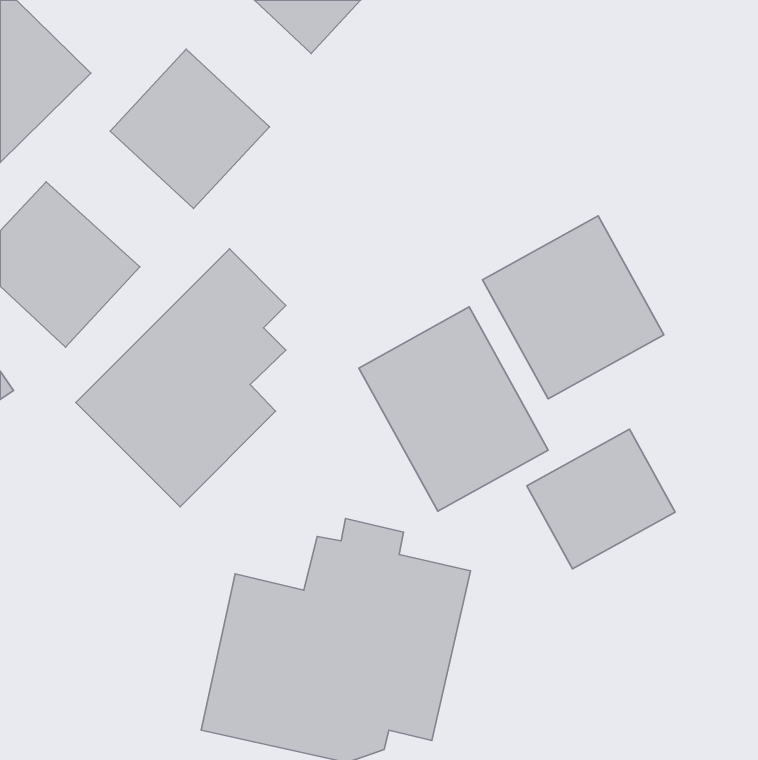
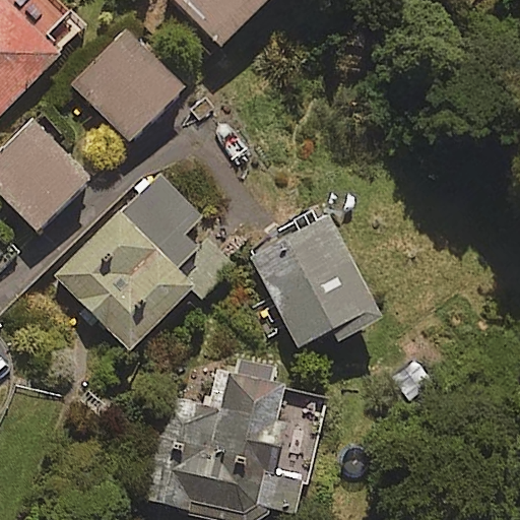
building: [482,216,664,399] -> none
building: [527,429,675,569] -> none

